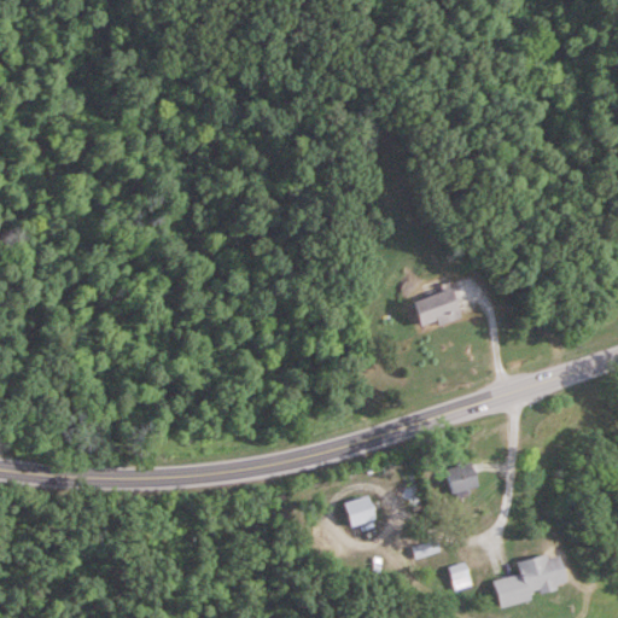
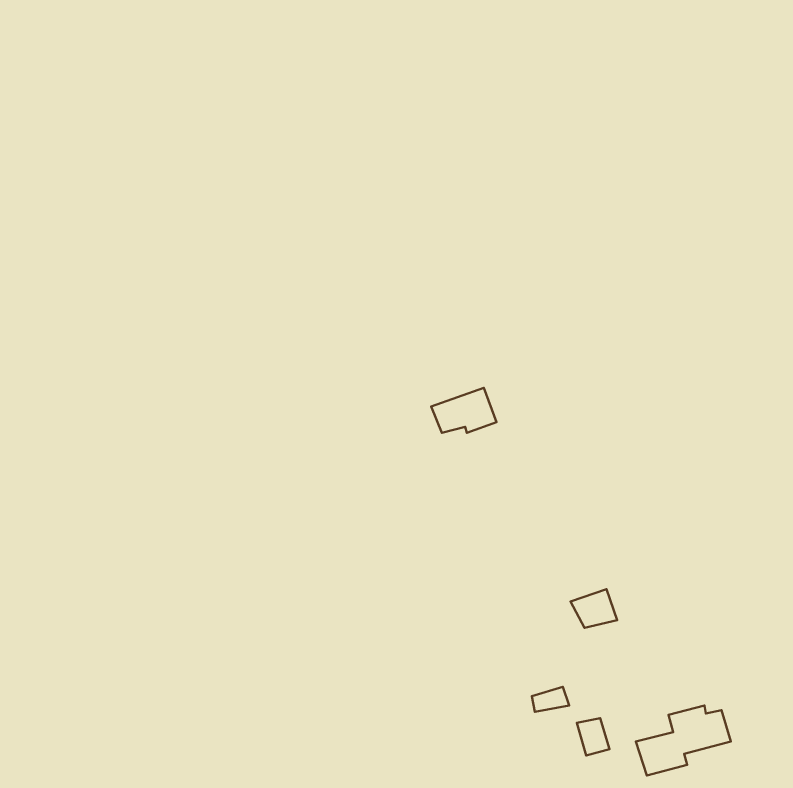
building: [412,290,462,325] -> [431,388,496,433]
building: [343,496,379,531] -> none

